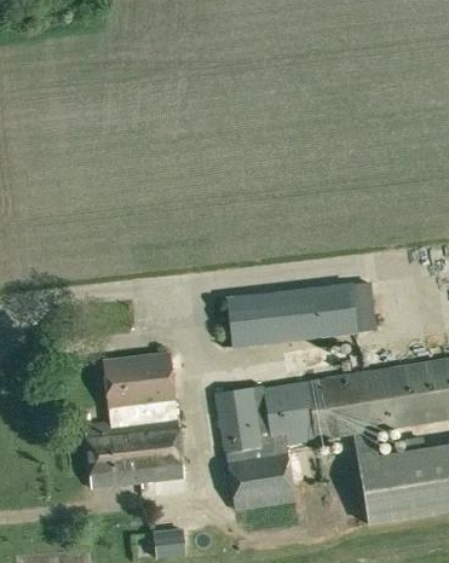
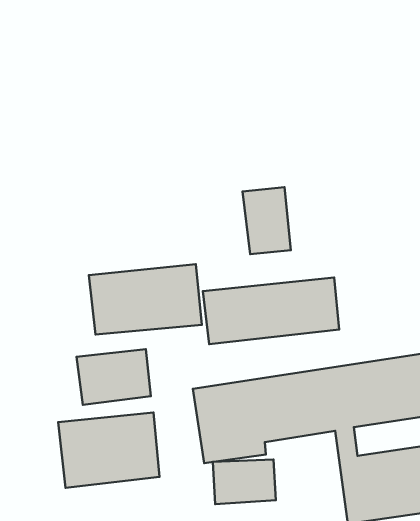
building: none -> [242,187,291,254]
building: none -> [89,264,202,334]

